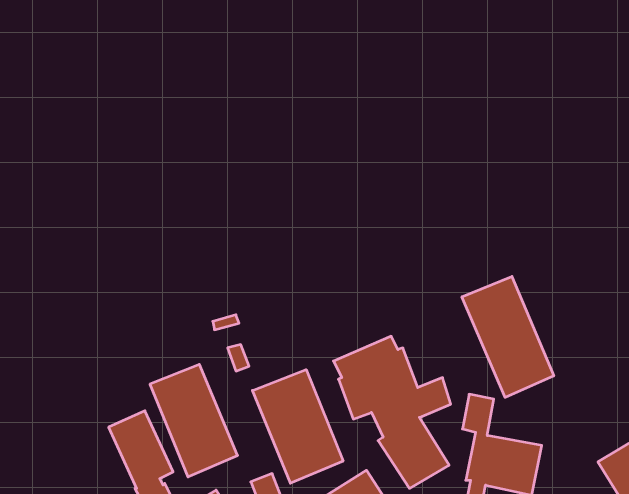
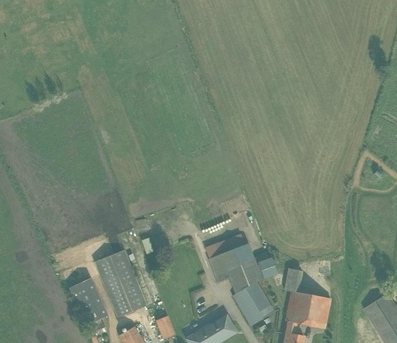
building: [462,276,554,397] -> none
building: [252,370,343,483] -> none

